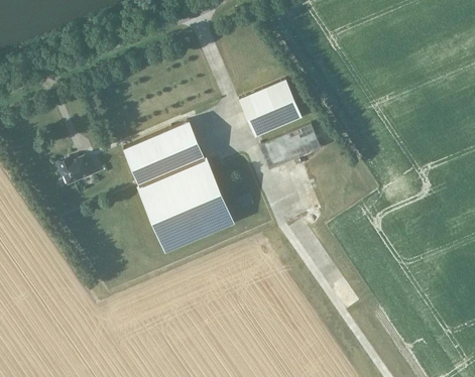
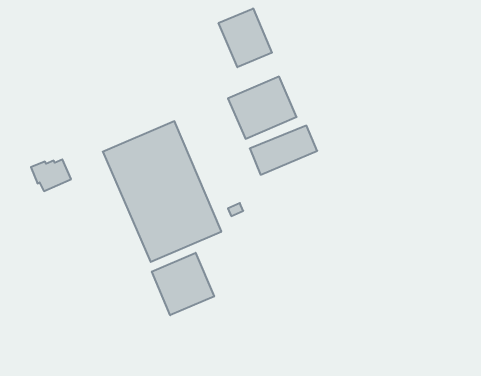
building: none -> [219,8,272,67]
building: none -> [152,253,214,315]

